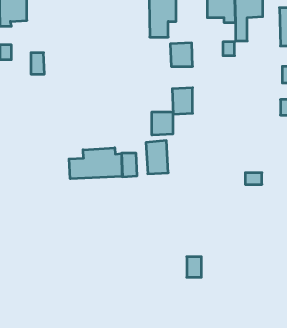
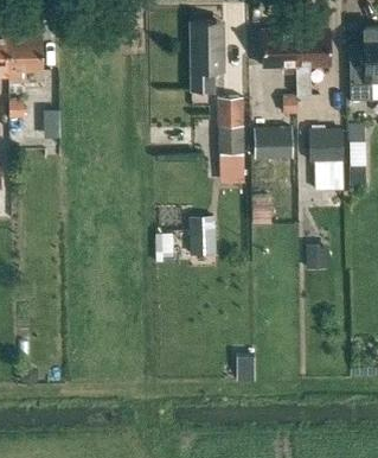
building: none -> [254,127,293,159]
building: none -> [309,128,342,190]
building: [152,112,173,135] -> [218,126,244,153]
building: [69,148,122,179] -> none

